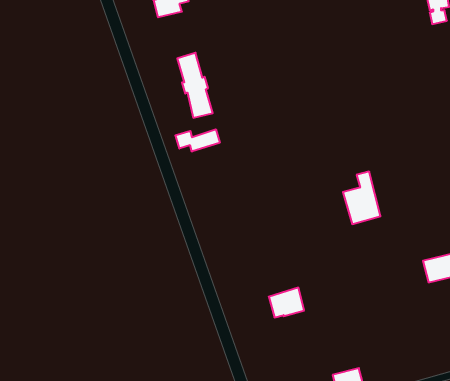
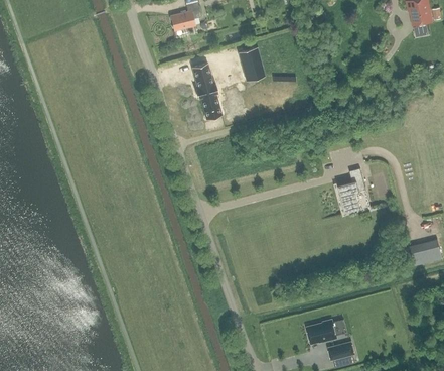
building: none -> [238,46,266,81]
building: [175,129,220,152] -> none
building: [269,288,304,317] -> [306,319,337,345]

